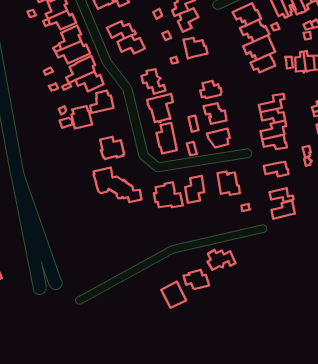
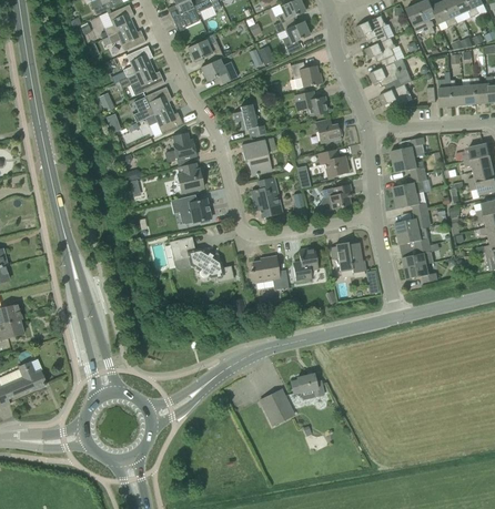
building: none -> [292,90,327,115]
building: [71,106,92,129] -> [175,162,203,192]
building: none -> [395,208,430,233]
building: [272,201,295,219] -> [403,244,434,268]
building: [208,250,236,270] -> none

